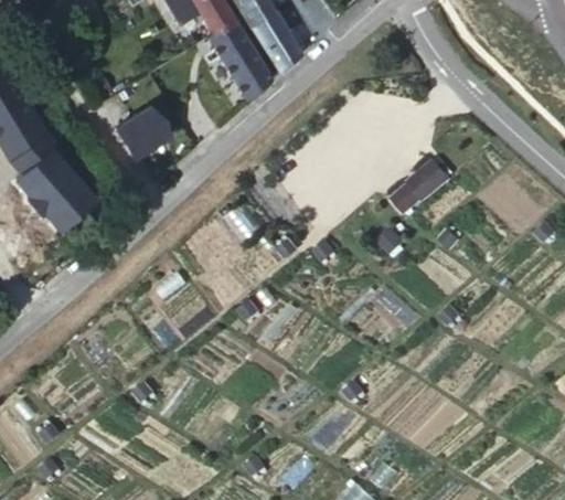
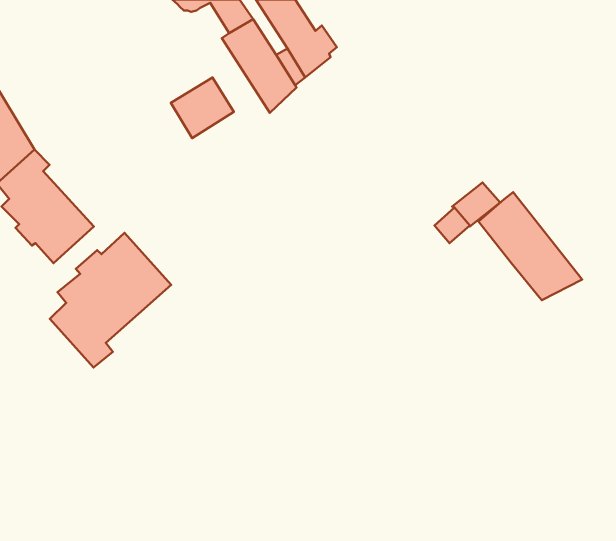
building: [114,107,169,160] -> [171,78,234,138]
building: none -> [478,192,582,300]
building: none -> [50,233,171,367]

